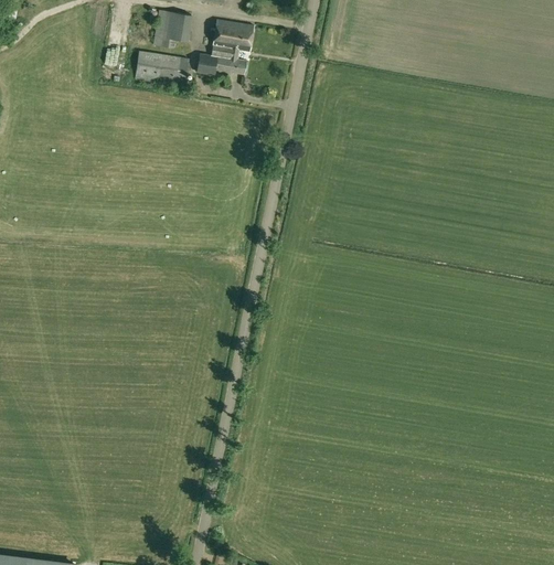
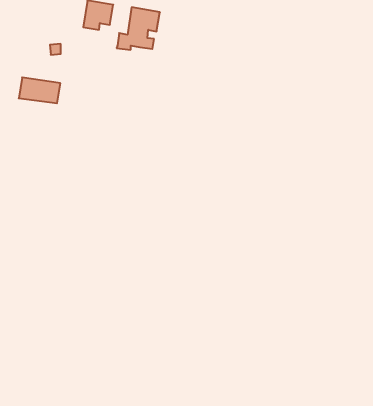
building: [135,51,190,85] -> [19,77,60,103]

